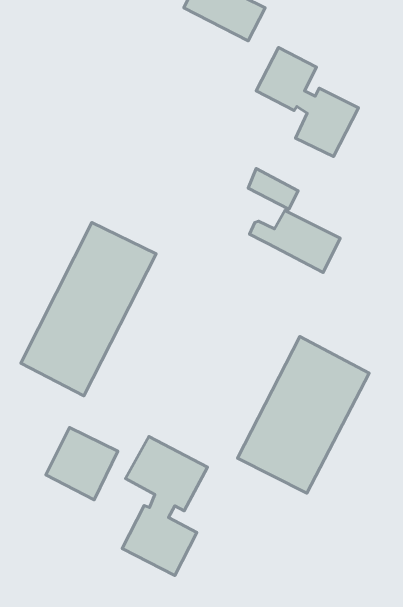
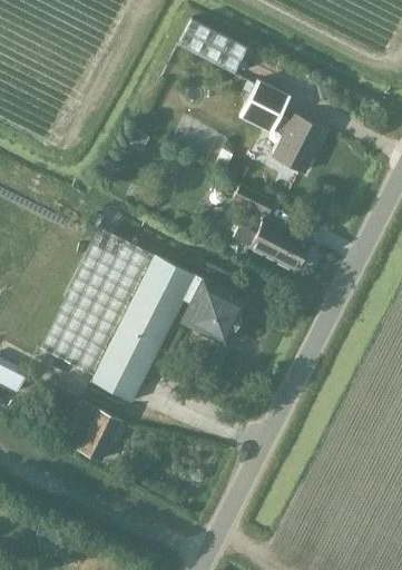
building: none -> [90,256,248,402]
building: [238,336,369,493] -> none
building: [122,437,207,576] -> none

